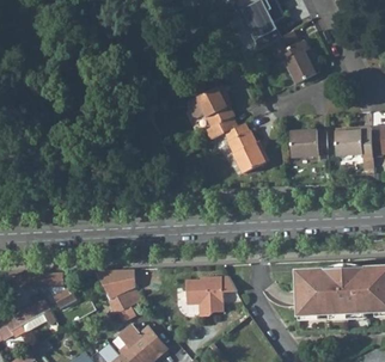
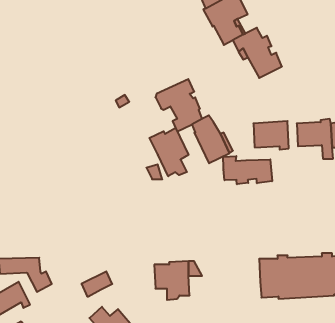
building: none -> [149,128,188,176]
building: none -> [223,156,272,184]
building: [93,269,135,300] -> none

